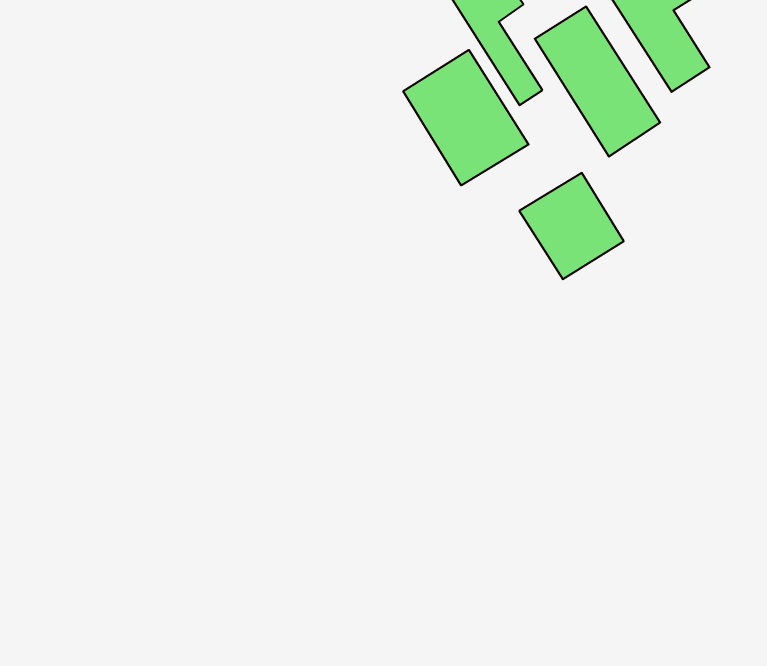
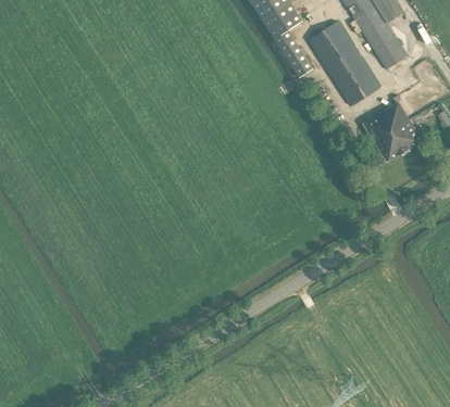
building: [403,50,529,185] -> none
building: [519,173,624,279] -> [362,100,422,161]

